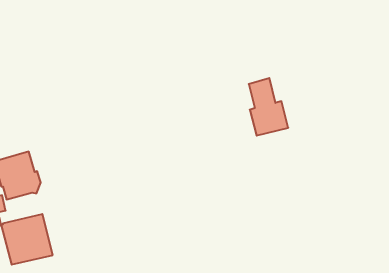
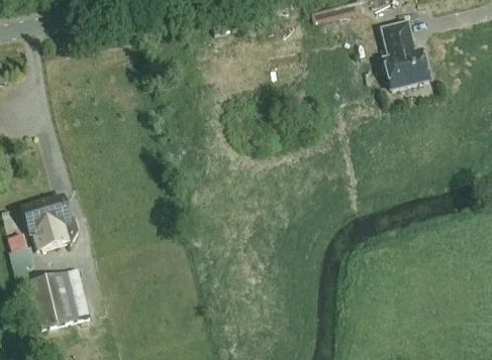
building: [249,78,288,136] -> [382,21,428,89]

